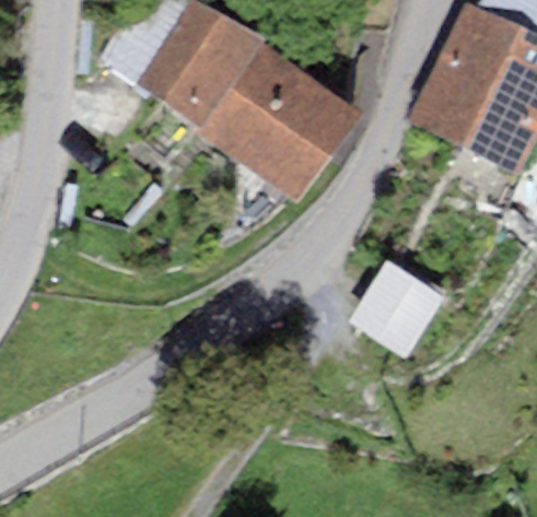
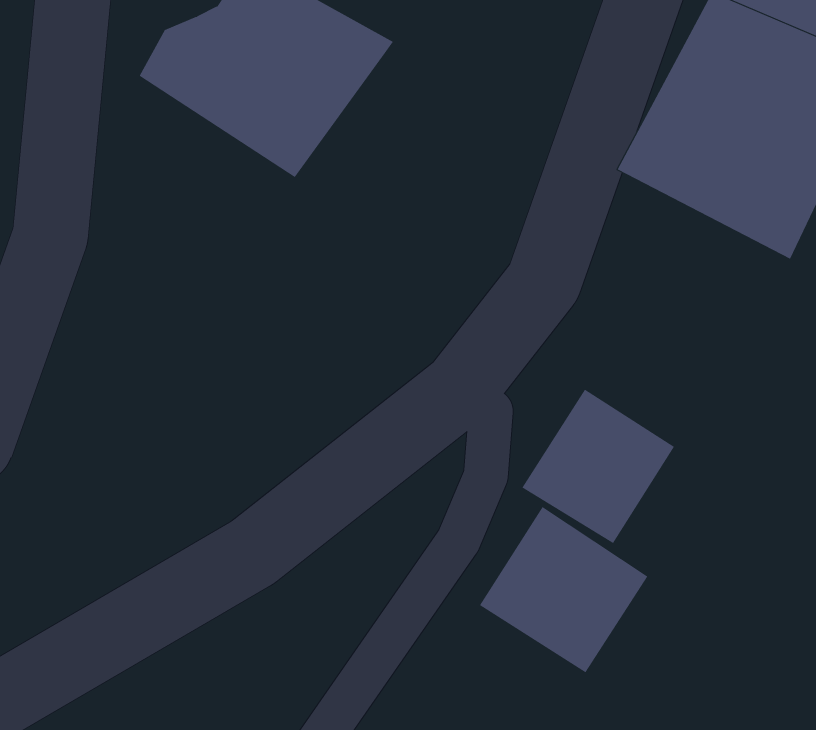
building: [196,44,364,197] -> none
building: none -> [479,506,648,673]

